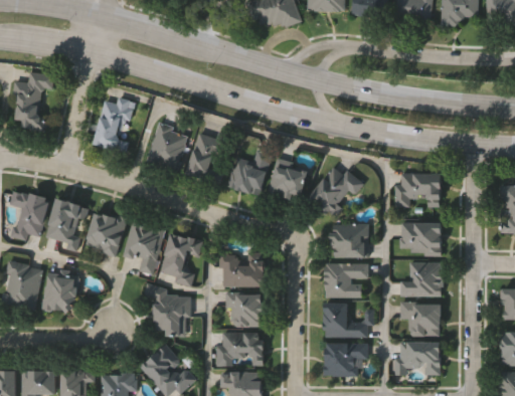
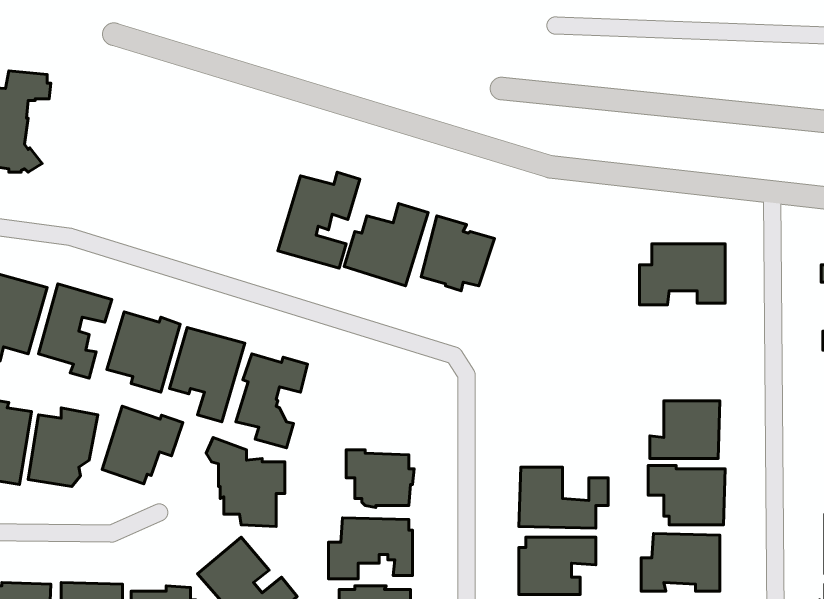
building: [92,96,138,153] -> none
building: [146,121,187,170] -> none
building: [306,165,364,216] -> none
building: [329,221,370,257] -> none
building: [397,224,439,257] -> none
building: [217,250,263,286] -> none
building: [324,261,370,298] -> none
building: none -> [102,406,183,484]

